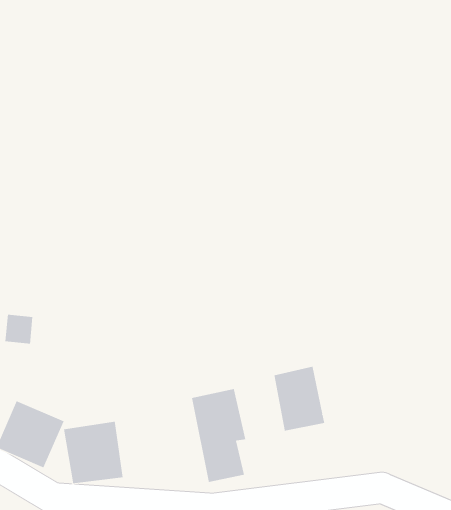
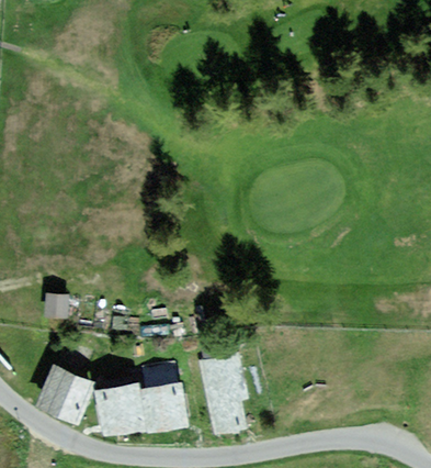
building: [274,366,325,432] -> none
building: none -> [139,383,188,430]

